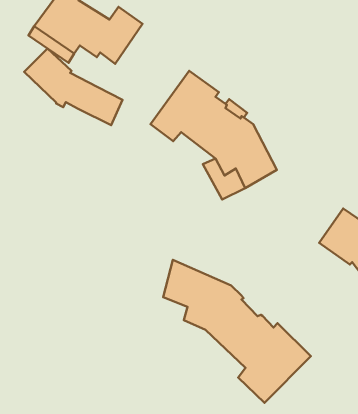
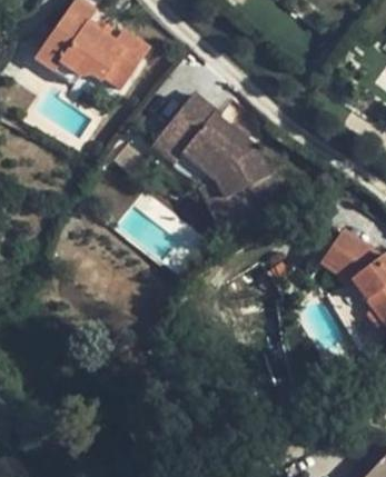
building: [24,48,122,125] -> none
building: [163,260,311,403] -> none

